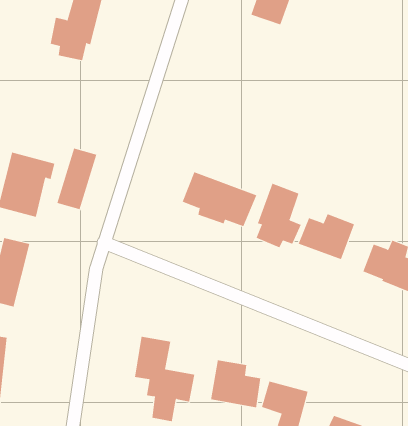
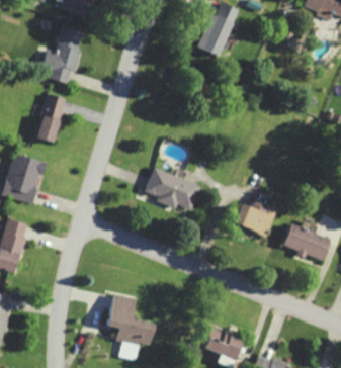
building: [56,148,97,210] -> [34,94,66,142]
building: [256,183,301,248] -> none
building: [210,360,261,408] -> none

